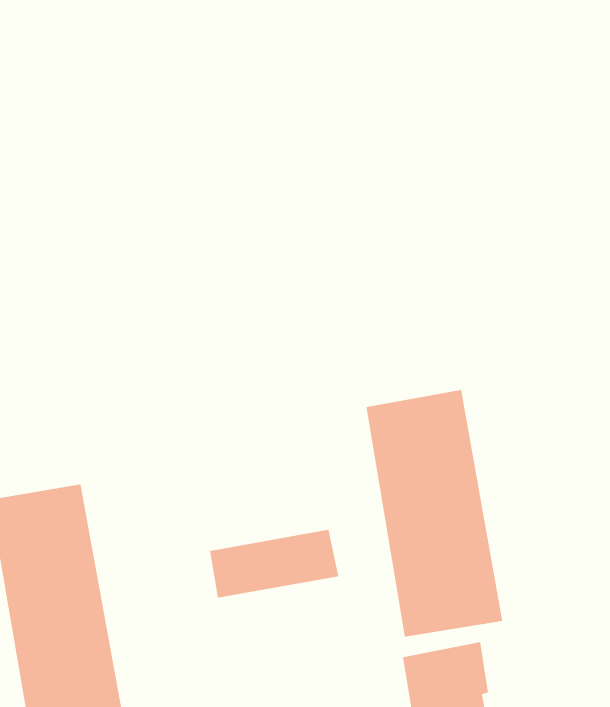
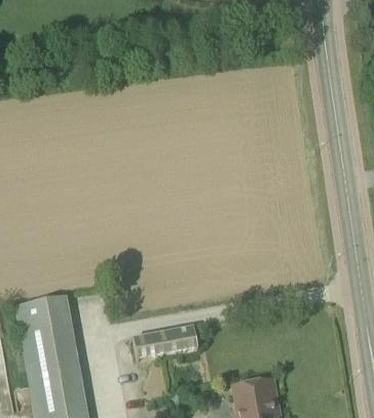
building: [366,389,503,638] -> none

